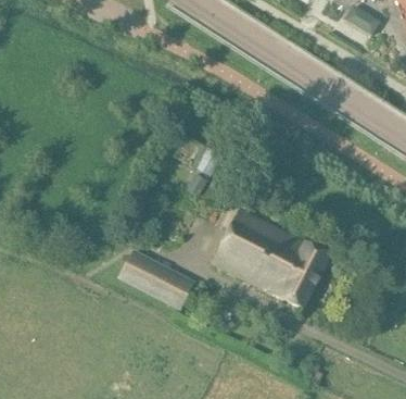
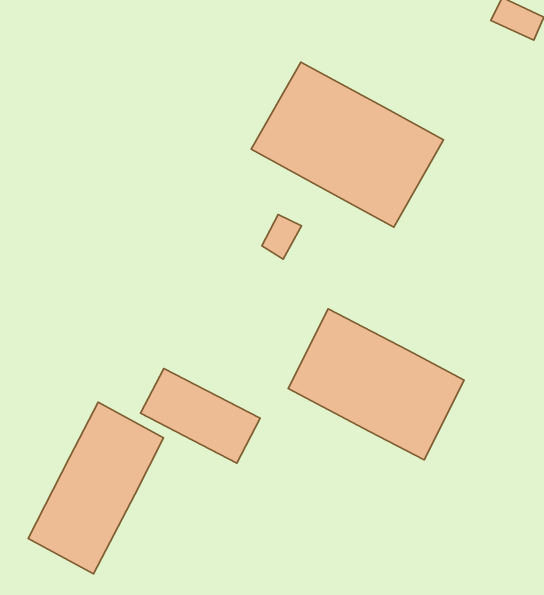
building: none -> [251,62,444,227]
building: none -> [28,402,164,574]

